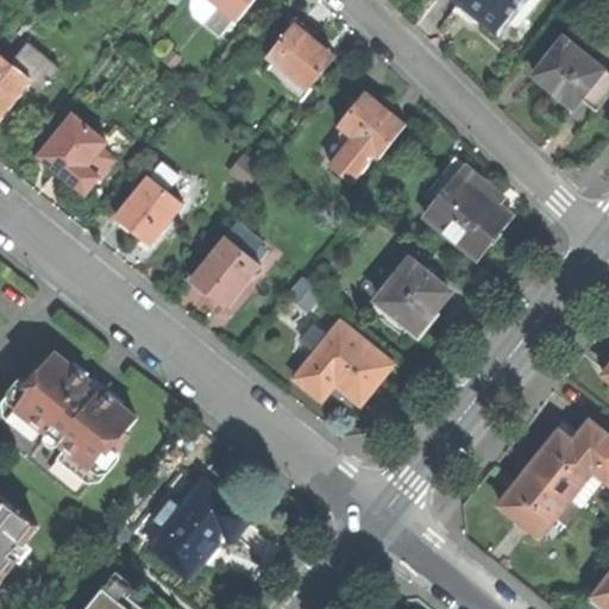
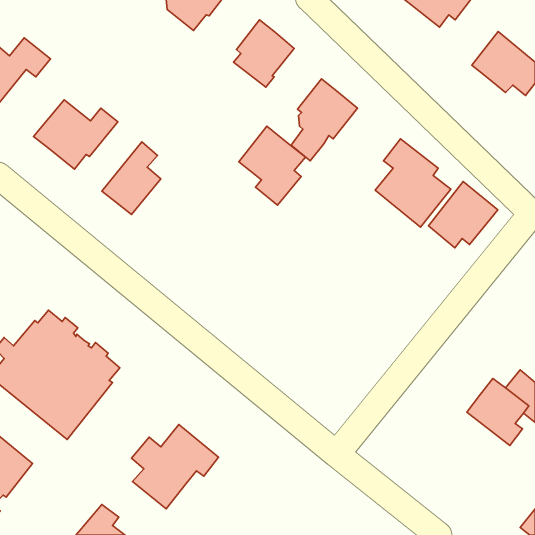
building: none -> [239,126,306,205]
building: [192,237,258,304] -> none
building: [370,258,448,333] -> [428,182,498,248]
building: [296,321,391,401] -> none
building: [498,466,577,534] -> none

